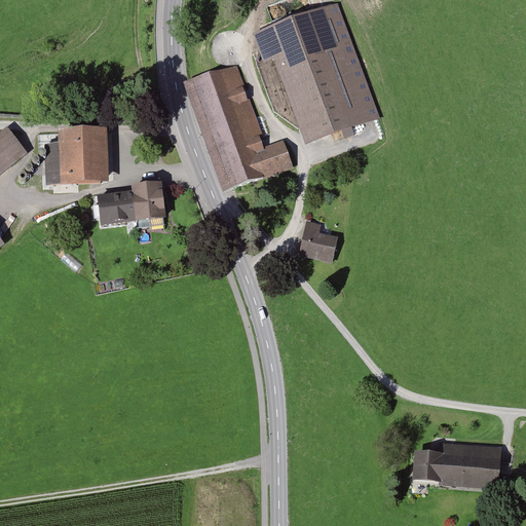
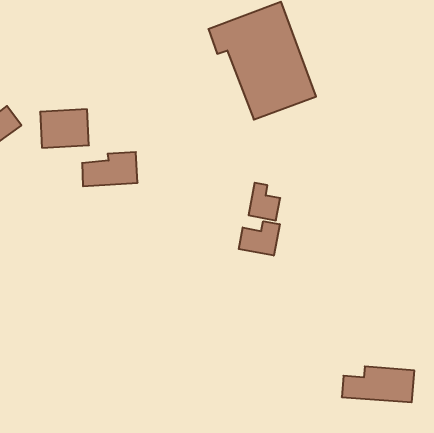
building: [191,67,291,186] -> none
building: none -> [239,221,280,256]

